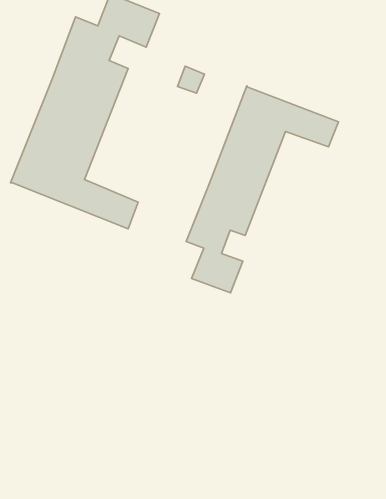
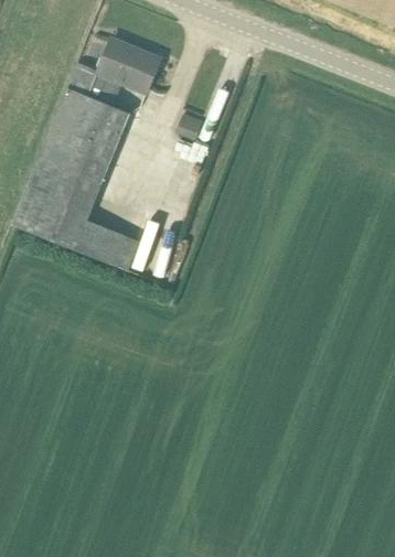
building: [186,86,338,293] -> none

